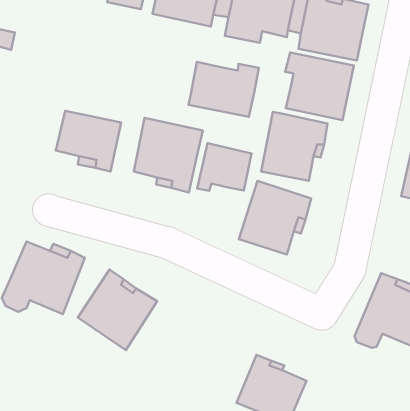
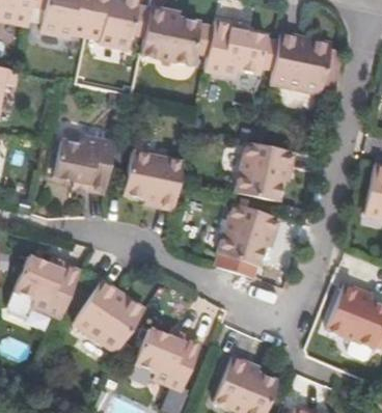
building: [285,53,354,120] -> none
building: [189,62,259,117] -> none
building: [197,143,251,191] -> none
building: none -> [137,331,194,389]

